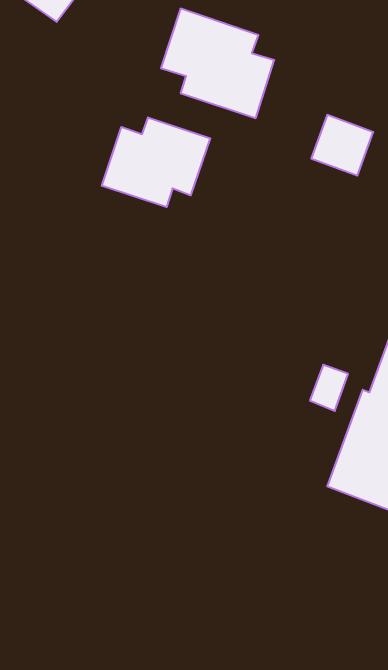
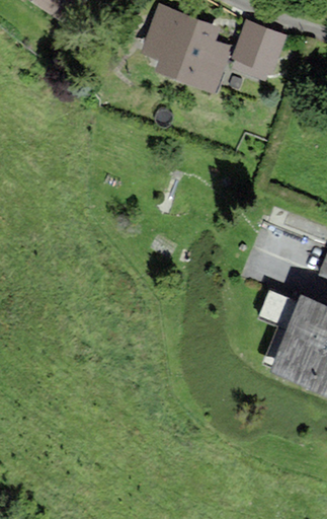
building: [311,115,373,176] -> [233,21,280,68]
building: [102,117,210,207] -> none

